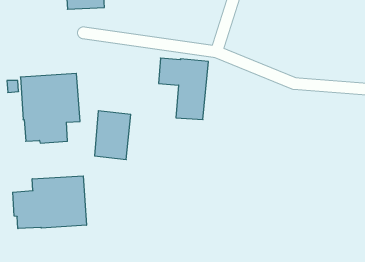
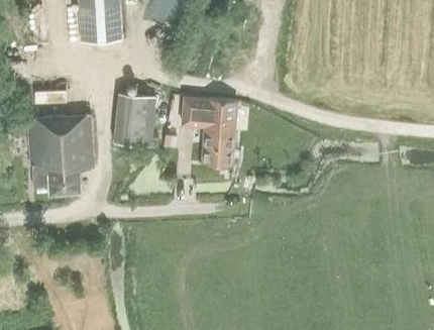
building: [95,111,131,160] -> [114,92,154,146]
building: [13,176,86,229] -> none

